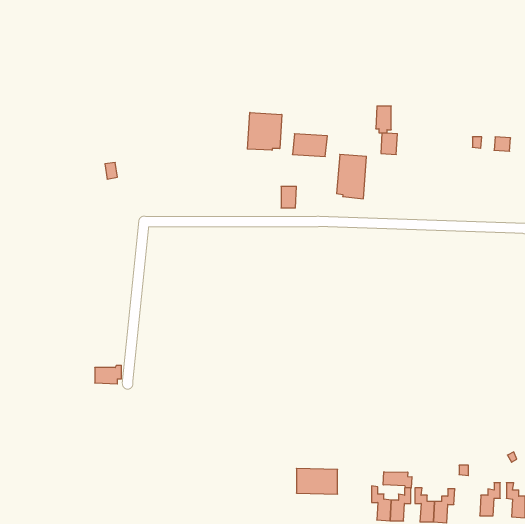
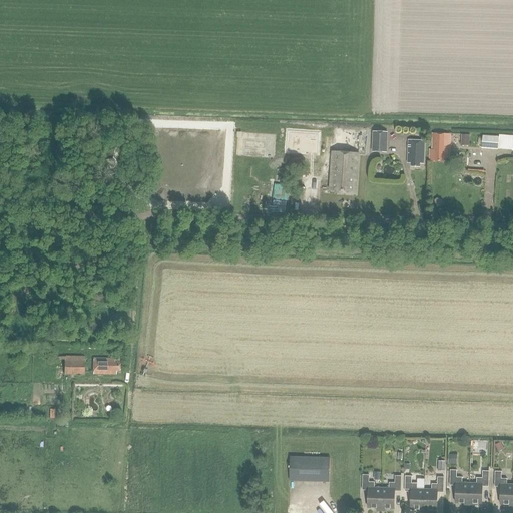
building: [376,106,391,133] -> [407,139,422,165]
building: [247,112,282,150] -> none
building: none -> [428,132,450,160]
building: none -> [63,355,83,374]
building: [383,472,412,488] -> none
building: none -> [448,469,468,502]

